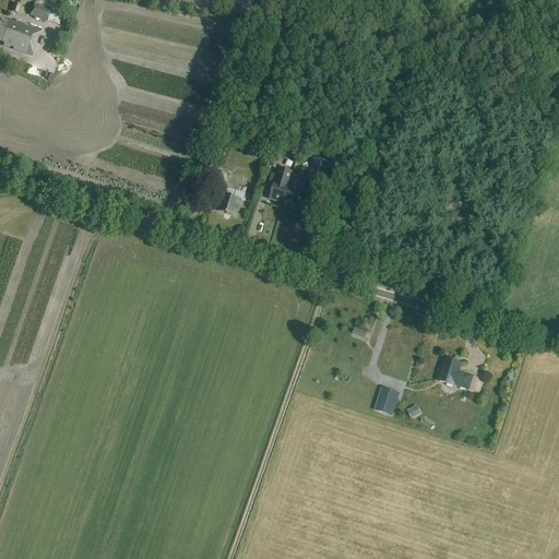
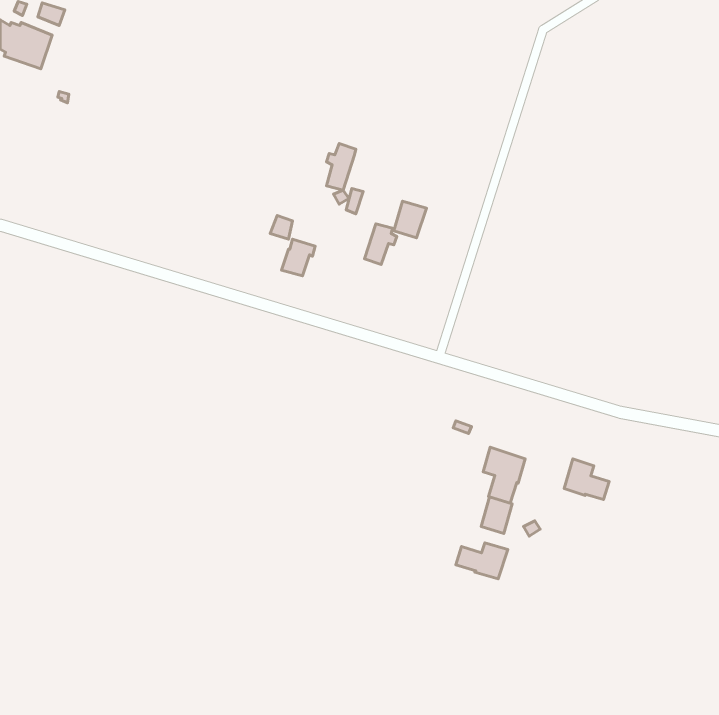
building: [270,165,293,201] -> [326,144,356,190]
building: none -> [483,447,525,503]
building: none -> [456,543,508,579]

